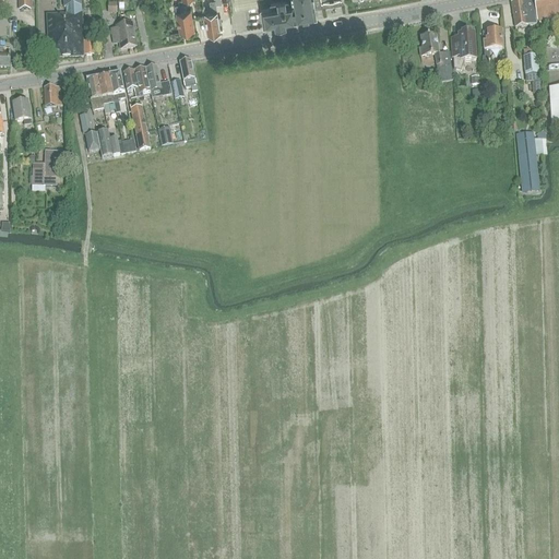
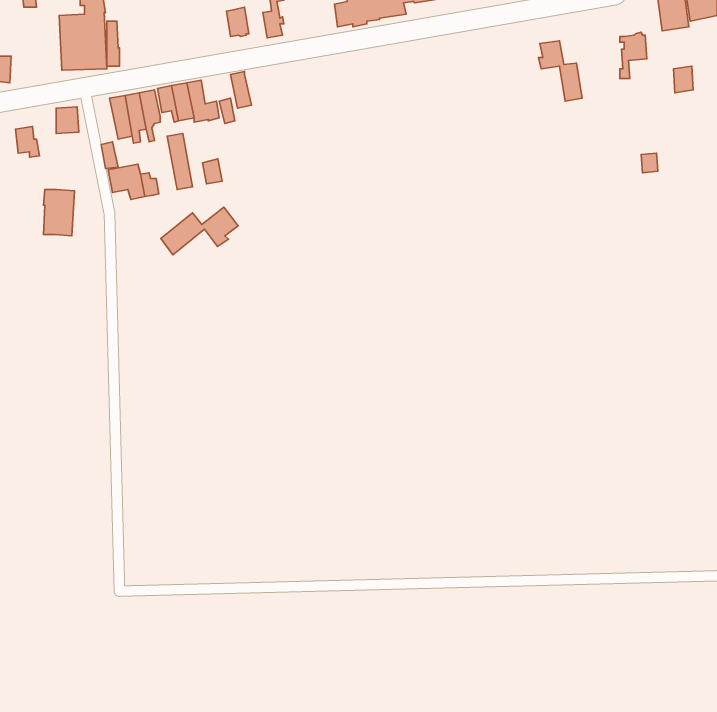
building: [110,20,136,46] -> none
building: [450,28,476,68] -> none
building: [515,131,538,188] -> none
building: none -> [161,207,238,255]

